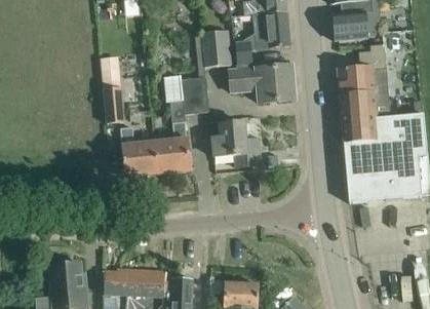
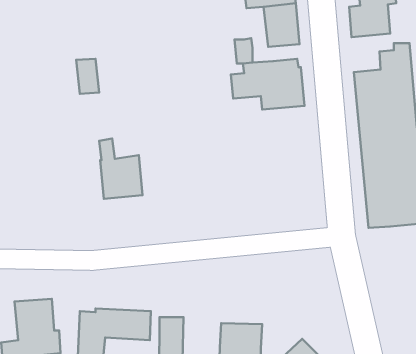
building: [202,32,234,69] -> none
building: [154,78,209,173] -> none
building: [104,86,123,122] -> none
building: [211,121,261,167] -> none

